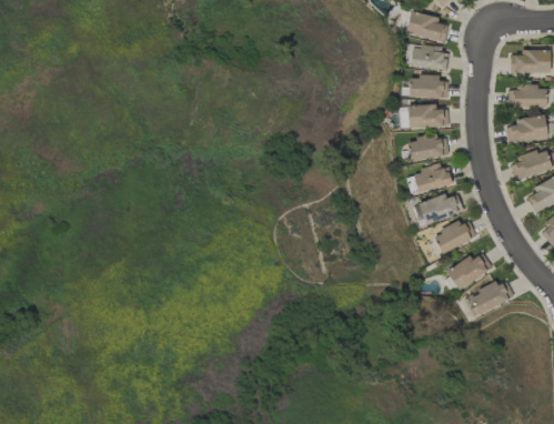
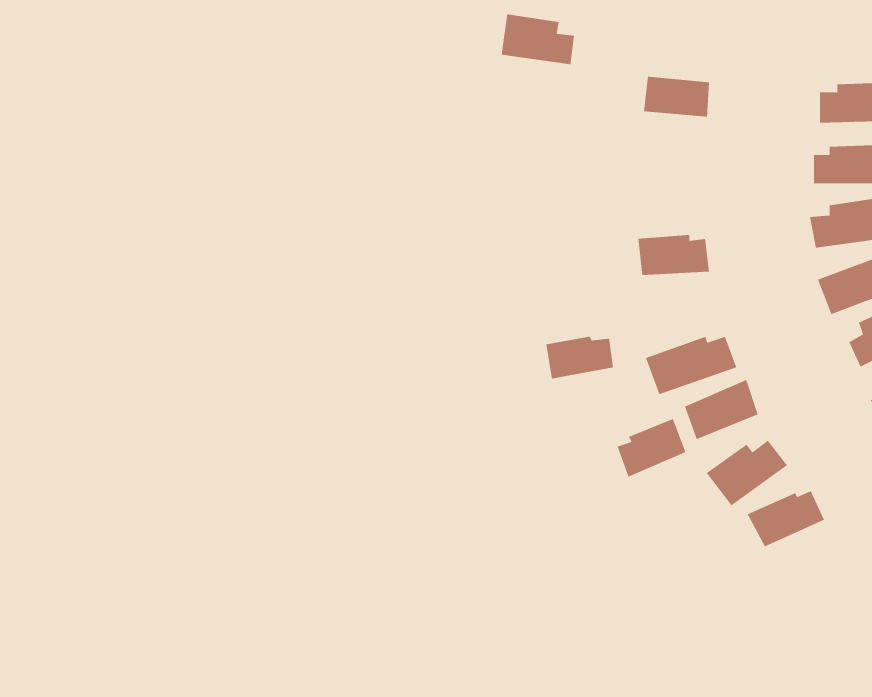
building: [406,12,449,41] -> [501,14,575,65]
building: [409,75,449,99] -> none
building: [407,105,449,128] -> none
building: [414,166,453,191] -> [545,336,614,379]
building: none -> [617,418,686,477]

